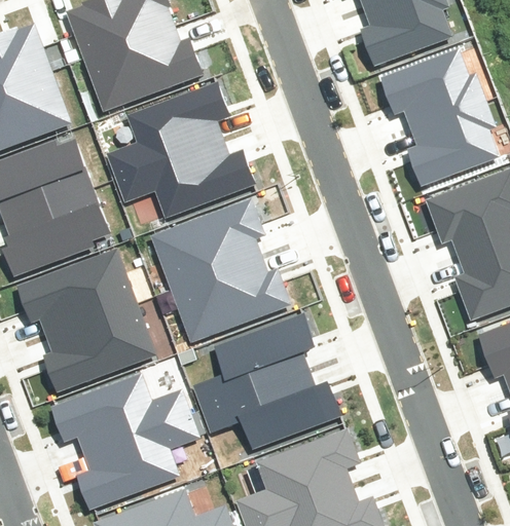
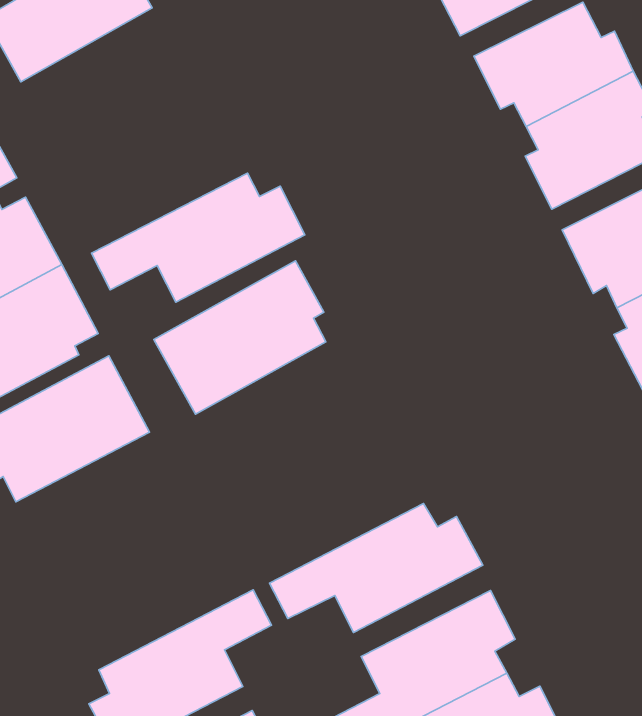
building: [81,21,204,114] -> none
building: [105,81,231,177] -> none
building: [170,254,291,344] -> none
building: [43,299,159,391] -> none
building: [195,312,322,408] -> none
building: [52,373,193,451] -> none

